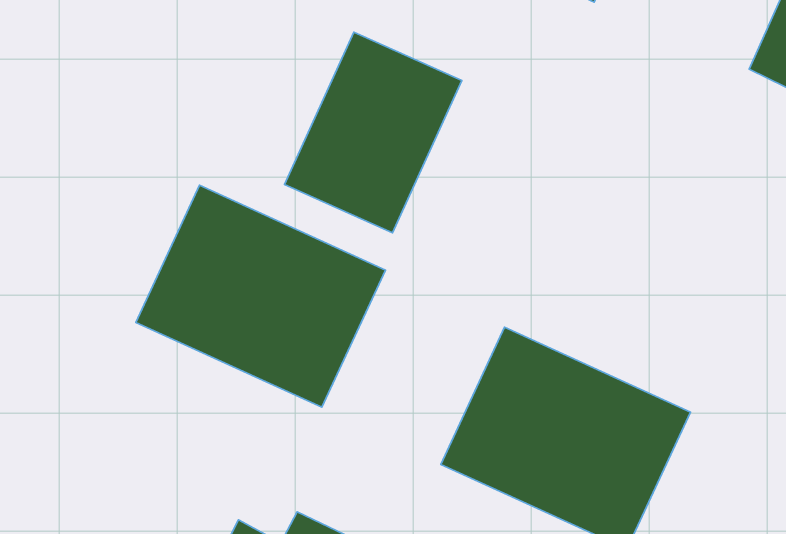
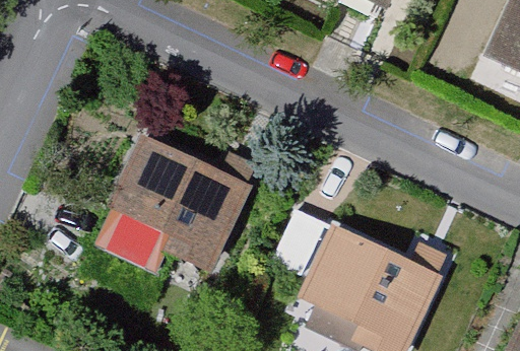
building: [284,32,462,233] -> none

